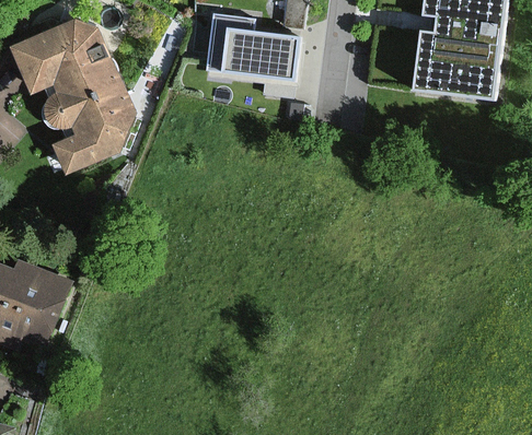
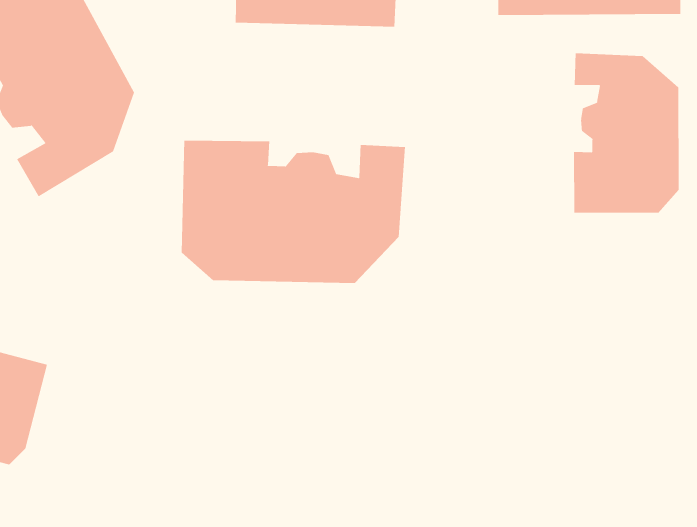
building: none -> [573,52,679,214]
building: none -> [181,140,406,284]

